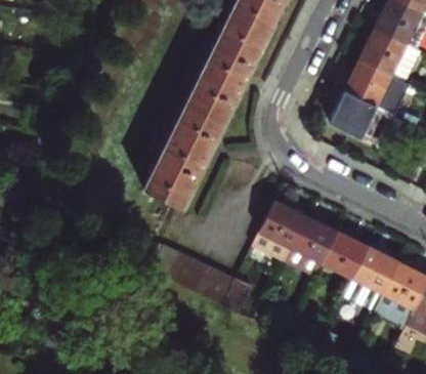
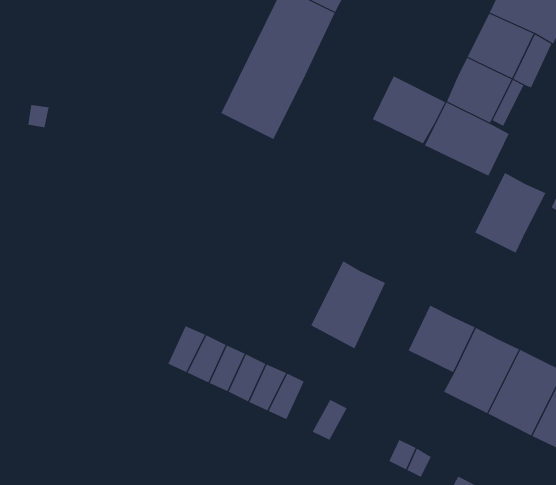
building: none -> [372,76,446,144]
building: [144,97,226,205] -> none
building: none -> [475,172,546,254]
building: [283,215,335,276] -> none

